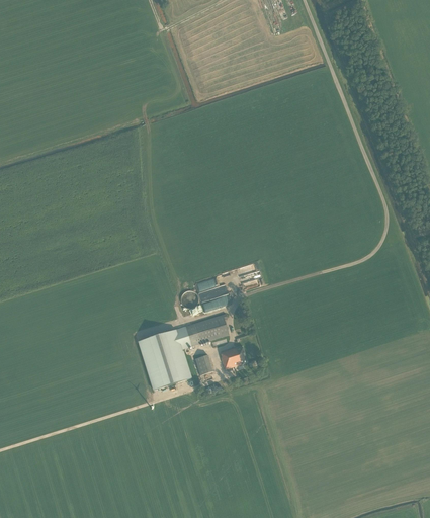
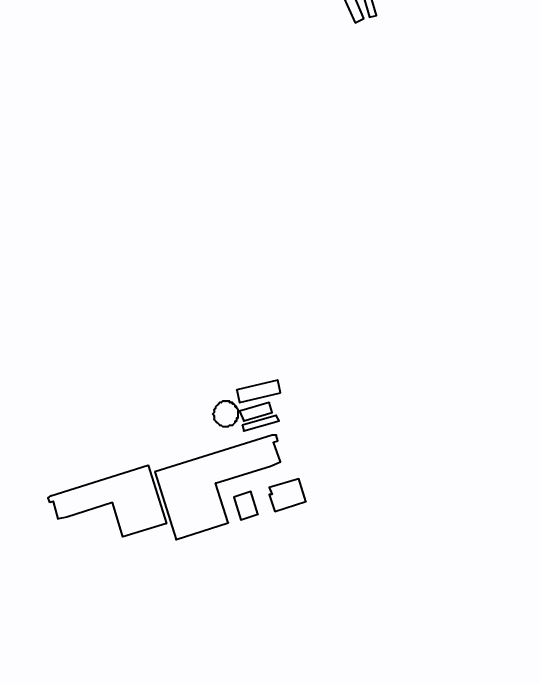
building: none -> [48,465,166,537]

